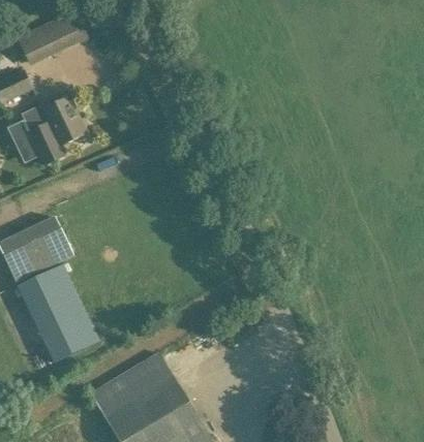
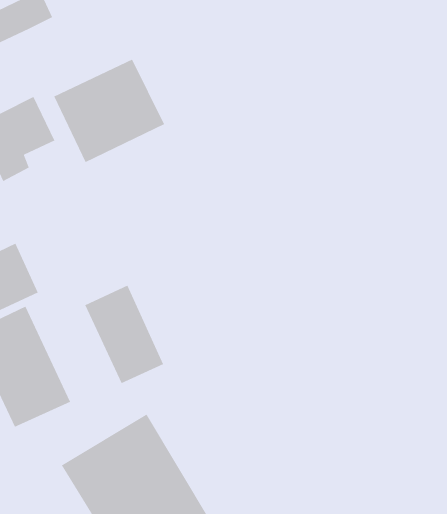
building: none -> [53,59,165,163]
building: none -> [84,284,164,384]

